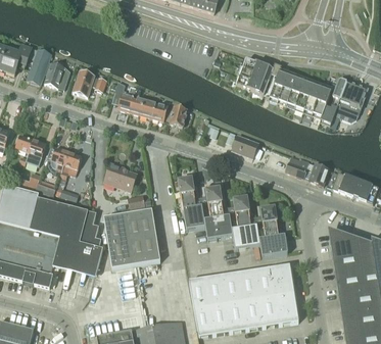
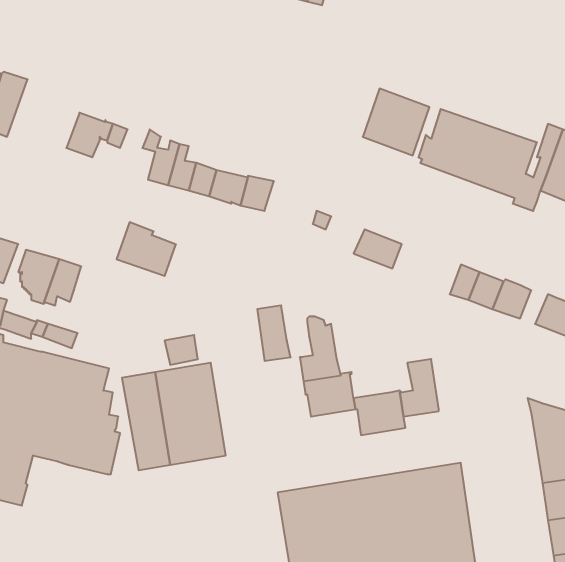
building: [44,60,70,88] -> none
building: [103,161,136,191] -> [117,222,176,276]
building: [229,196,251,228] -> none
building: [182,204,204,228] -> none
building: [258,234,287,255] -> none

